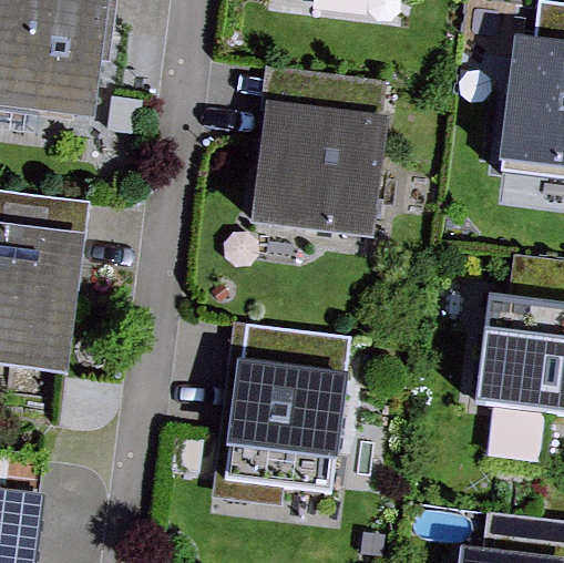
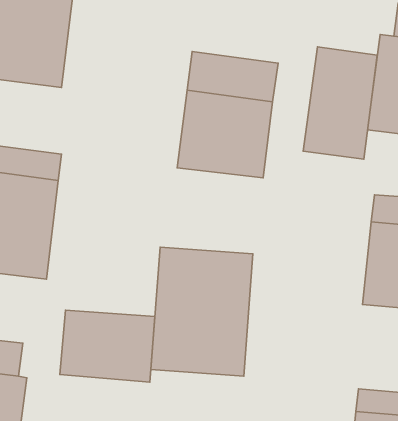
building: none -> [303,47,377,159]
building: none -> [60,310,155,382]

